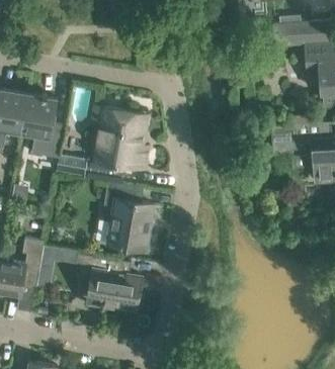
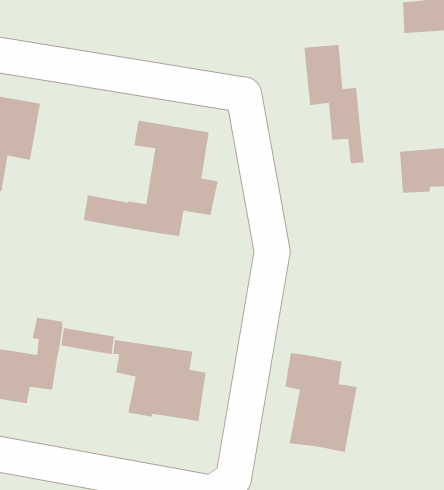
building: none -> [304,44,364,164]
building: [21,94,65,159] -> none
building: [104,182,154,250] -> [284,353,357,453]

